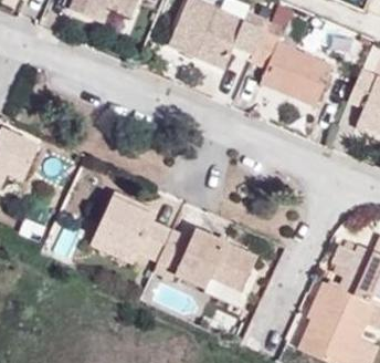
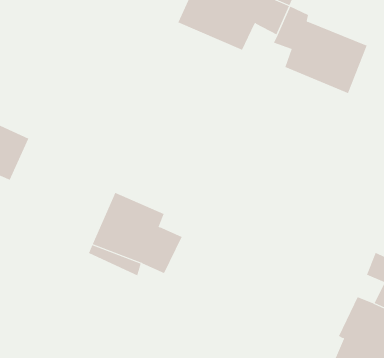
building: [154,227,257,290] -> none

